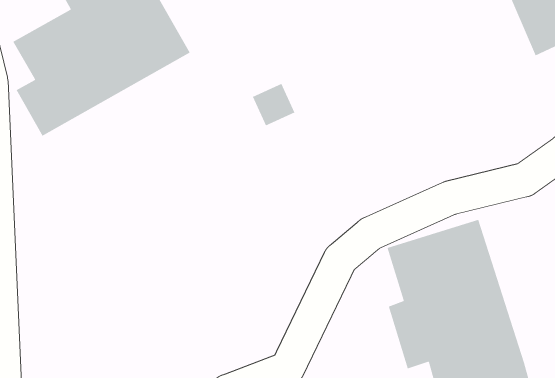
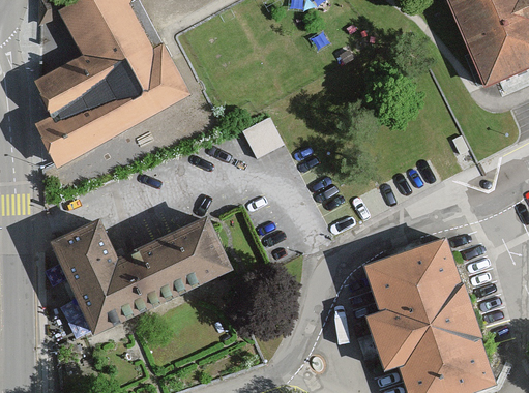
building: none -> [52,223,233,341]

